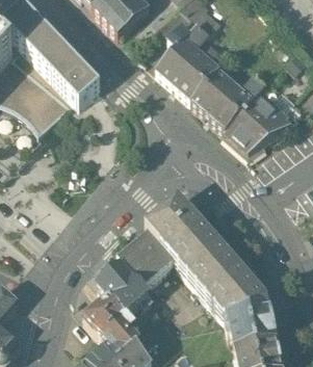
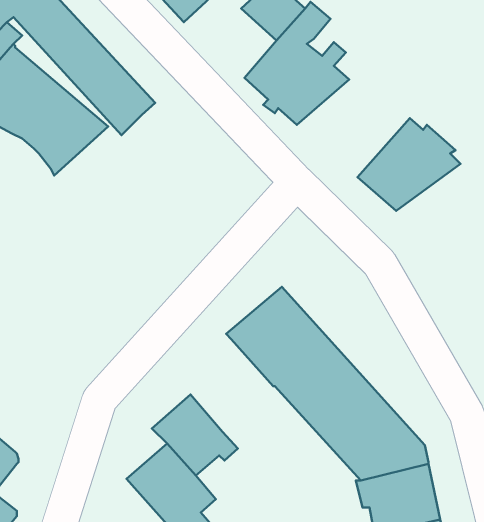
building: [187,69,269,129] -> none
building: [115,229,173,286] -> none

